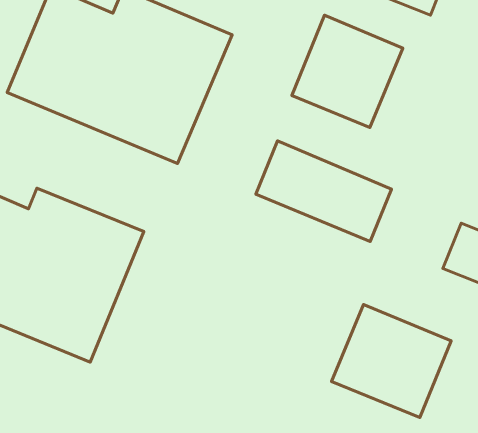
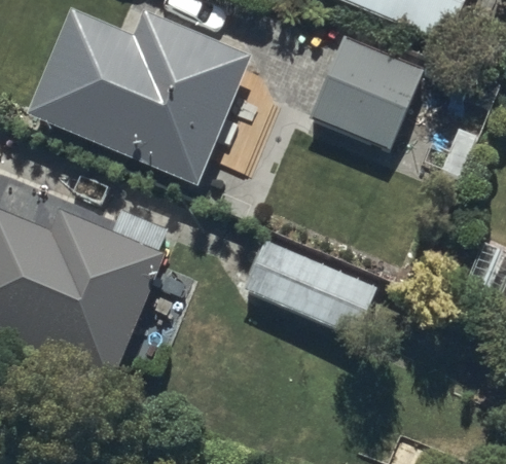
building: [256,141,392,242] -> [242,235,377,335]
building: [332,304,451,417] -> none

